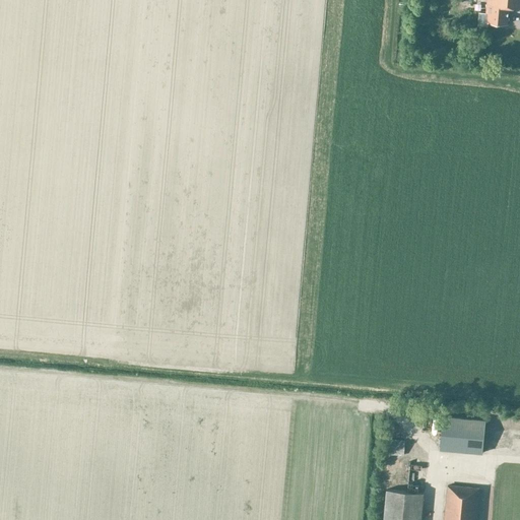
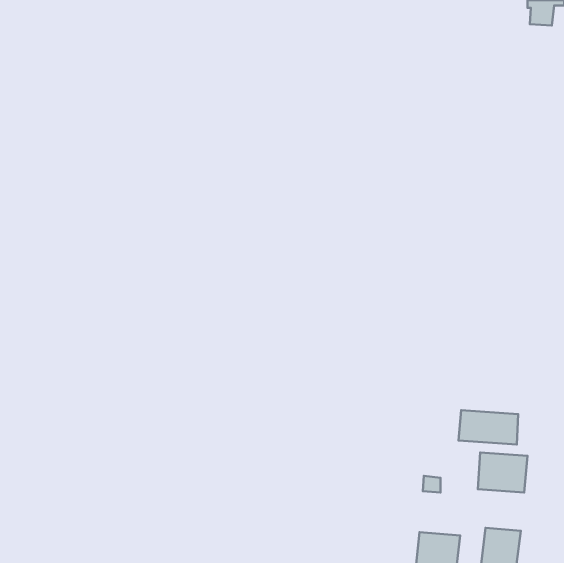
building: none -> [459,410,518,445]

